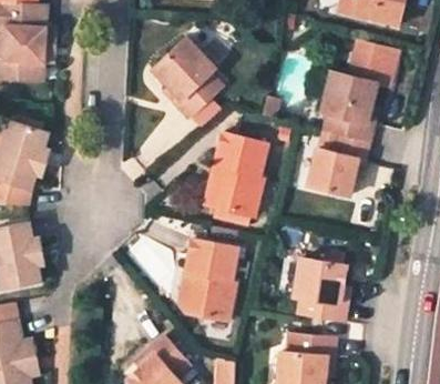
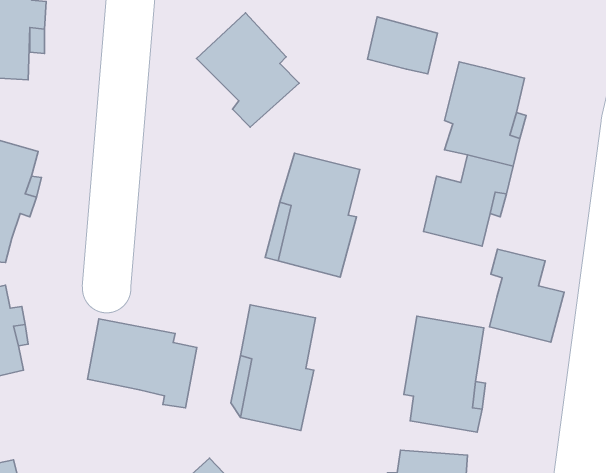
building: [350,47,398,85] -> [367,17,438,74]
building: none -> [489,249,564,342]
building: none -> [87,319,197,408]

